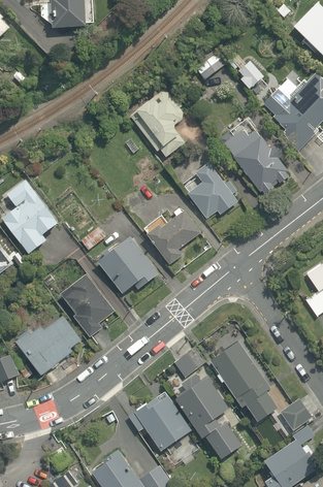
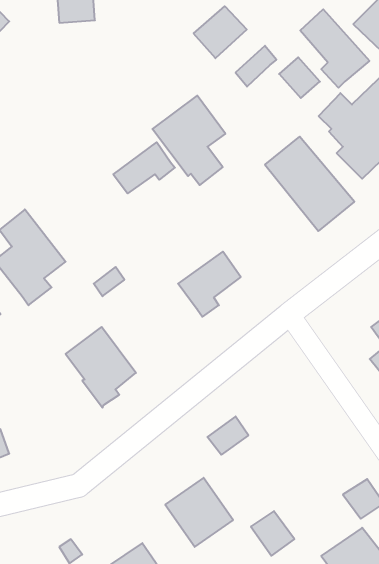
building: none -> [194,6,247,58]
building: none -> [300,9,369,88]
building: none -> [113,142,175,193]
building: [186,163,237,220] -> none
building: [97,237,158,296] -> none
building: [13,318,78,379] -> none
building: [213,338,278,418] -> none
building: [174,375,231,436] -> none

